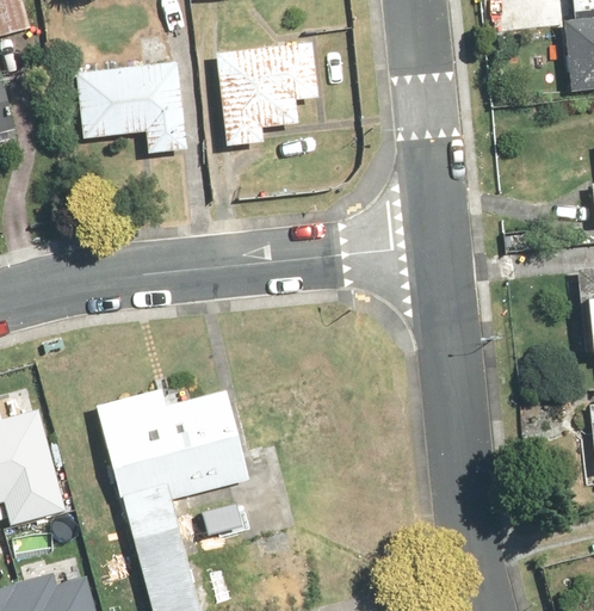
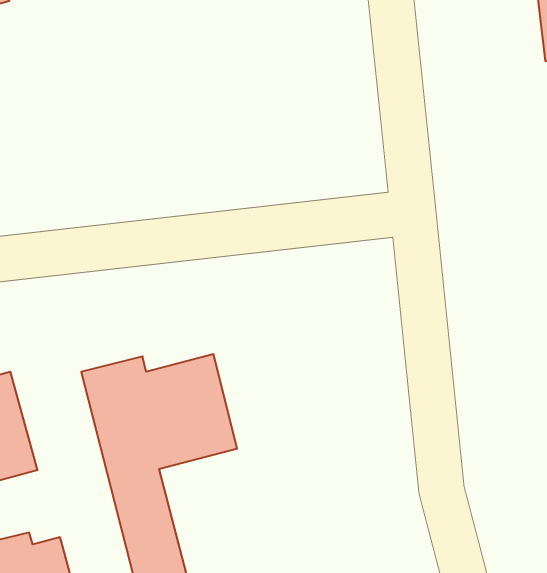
building: [216,44,316,146] -> none
building: [75,62,188,155] -> none

